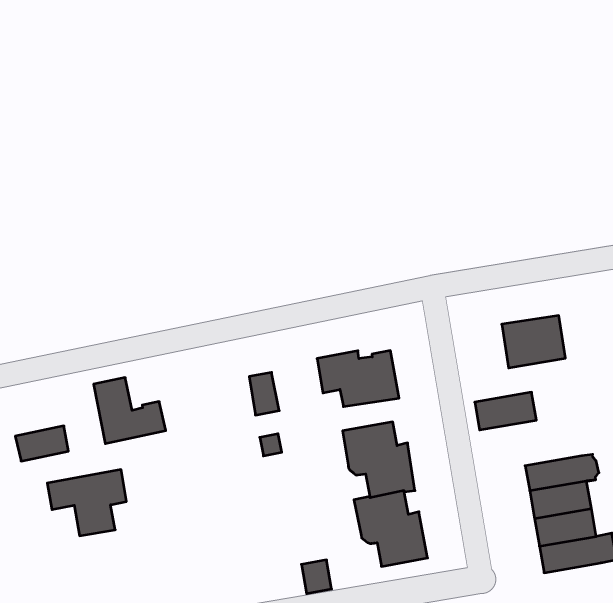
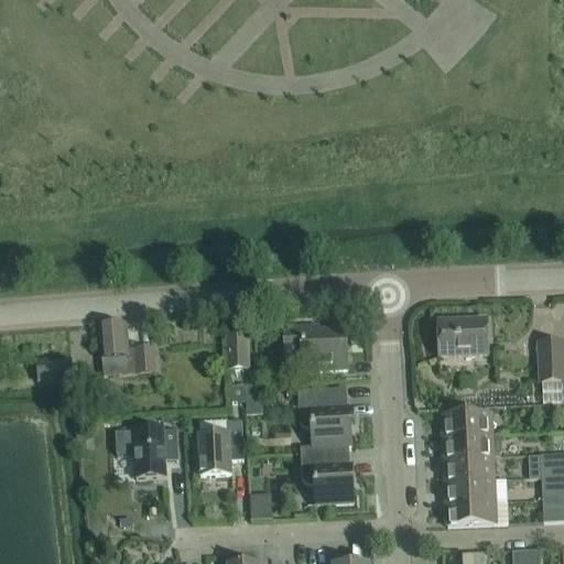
building: [475,392,536,430] -> [442,410,490,435]
building: [47,470,126,536] -> [115,426,177,476]
building: none -> [198,419,243,473]

